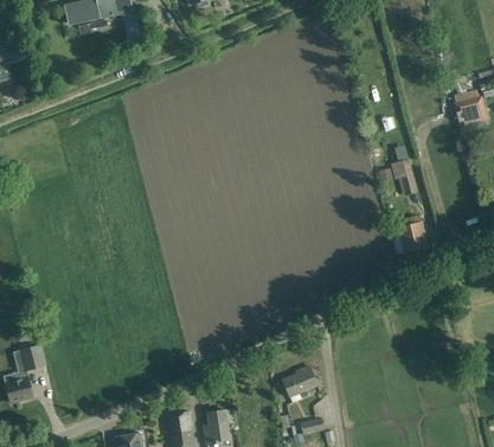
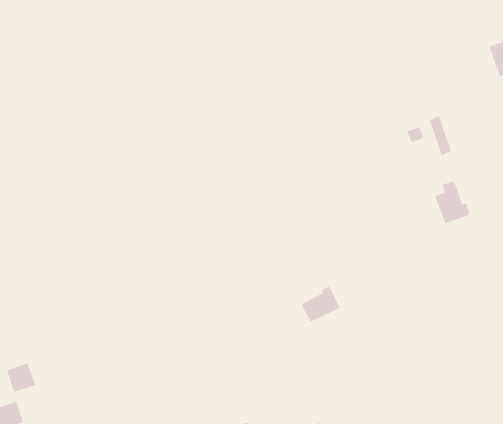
building: [283,365,317,396] -> [300,285,341,323]

